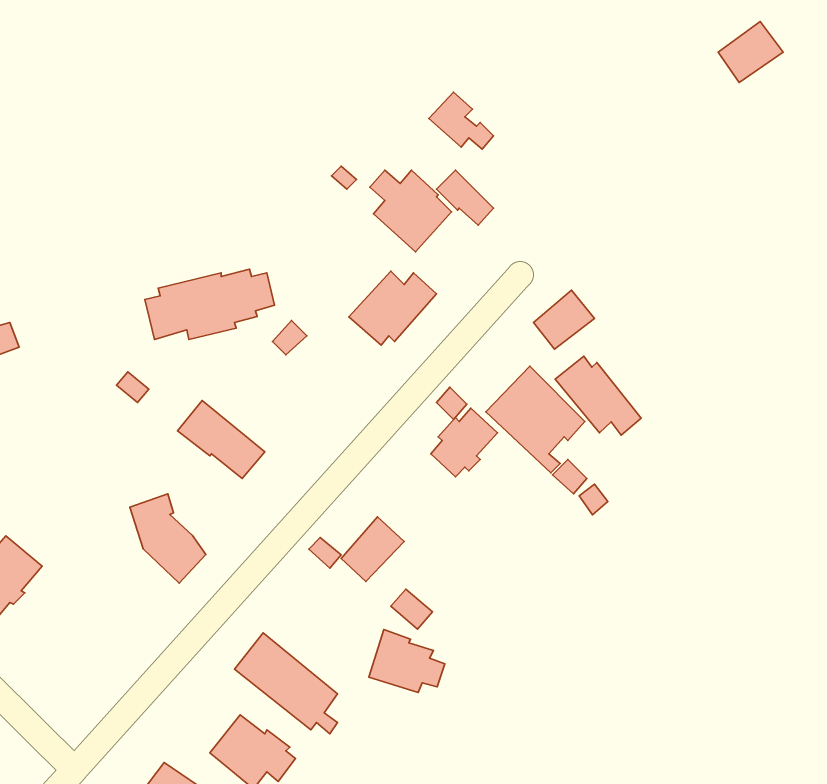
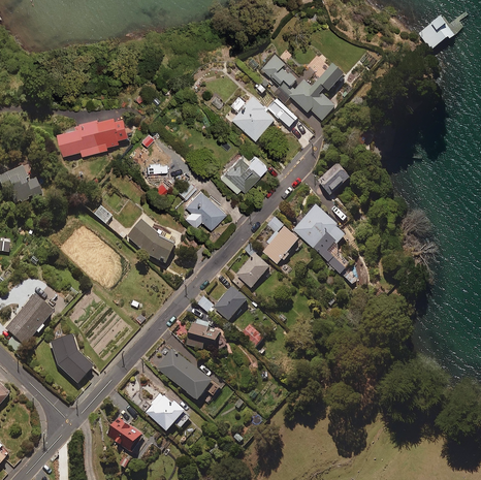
building: none -> [290,64,345,120]
building: [145,269,274,339] -> [58,119,128,157]
building: none -> [185,188,225,228]
building: [555,356,641,435] -> none
building: none -> [236,253,270,287]
building: [130,494,206,583] -> [50,335,91,384]
building: [369,630,445,692] -> [187,318,228,352]

